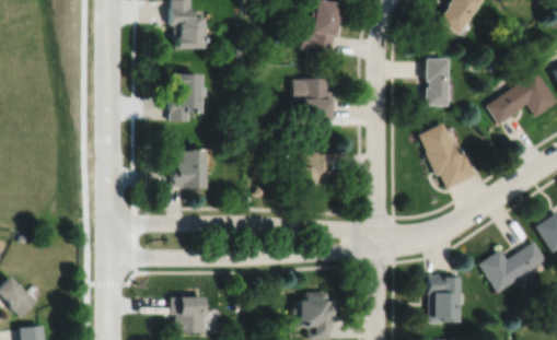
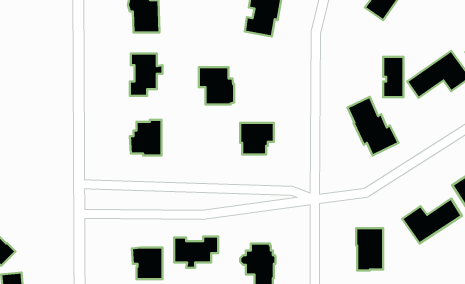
building: [426,60,449,106] -> [383,57,403,97]
building: [294,80,335,122] -> [199,67,234,104]
building: none -> [174,236,218,268]

